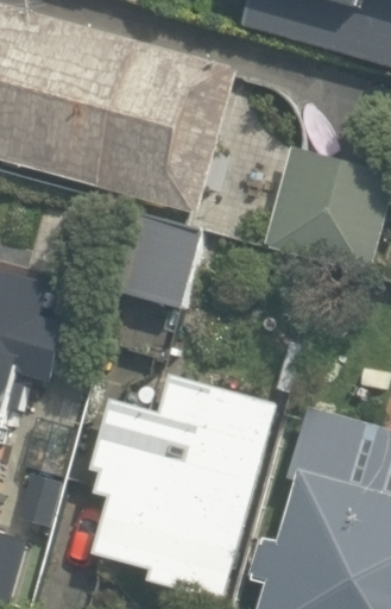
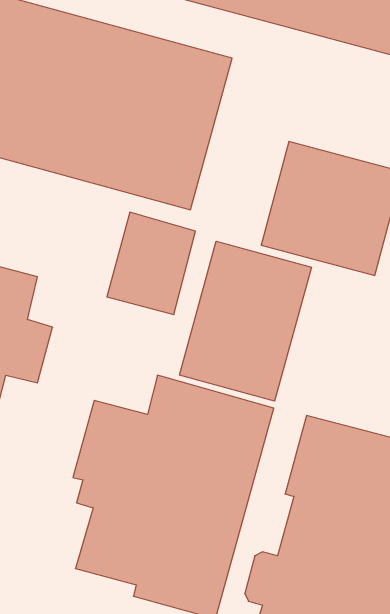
building: none -> [179,241,311,401]

